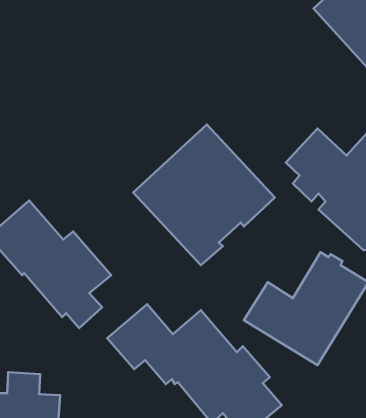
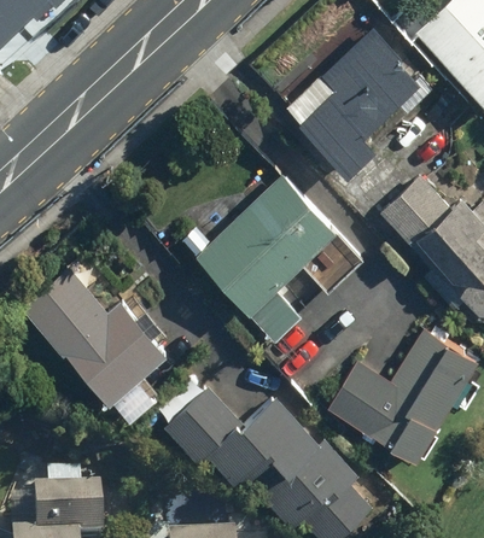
building: none -> [302,28,435,179]

